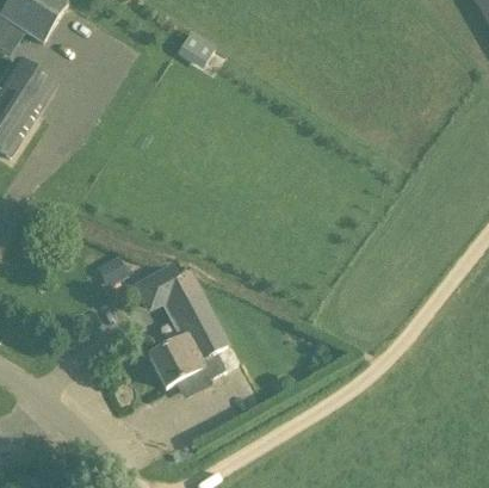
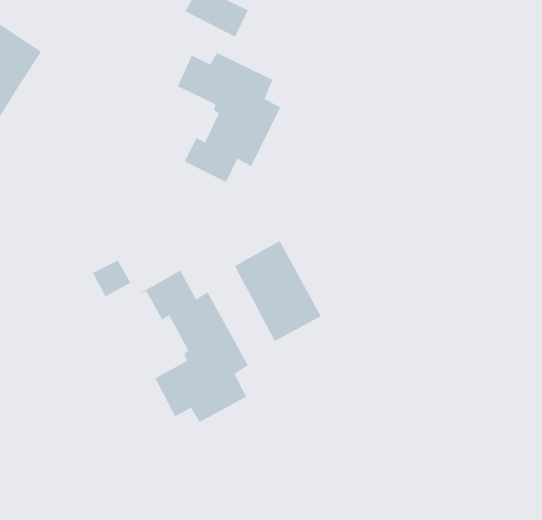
building: none -> [174,52,281,183]
building: none -> [234,240,321,342]

